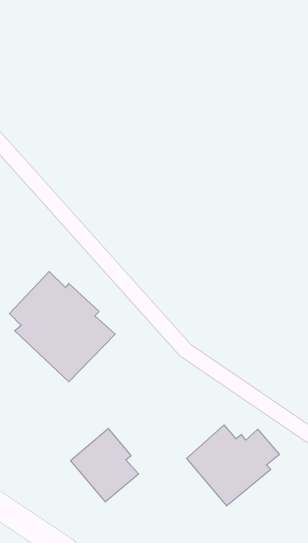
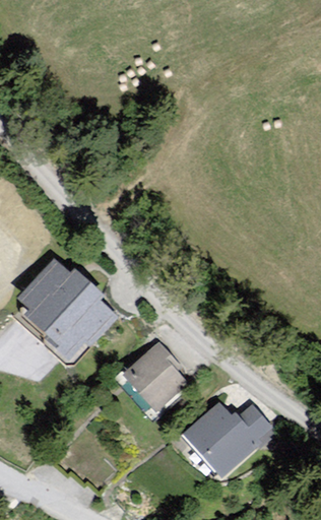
building: [71,428,139,502] -> [124,341,188,410]

